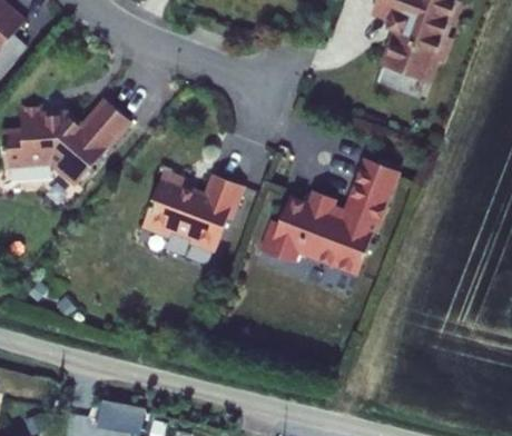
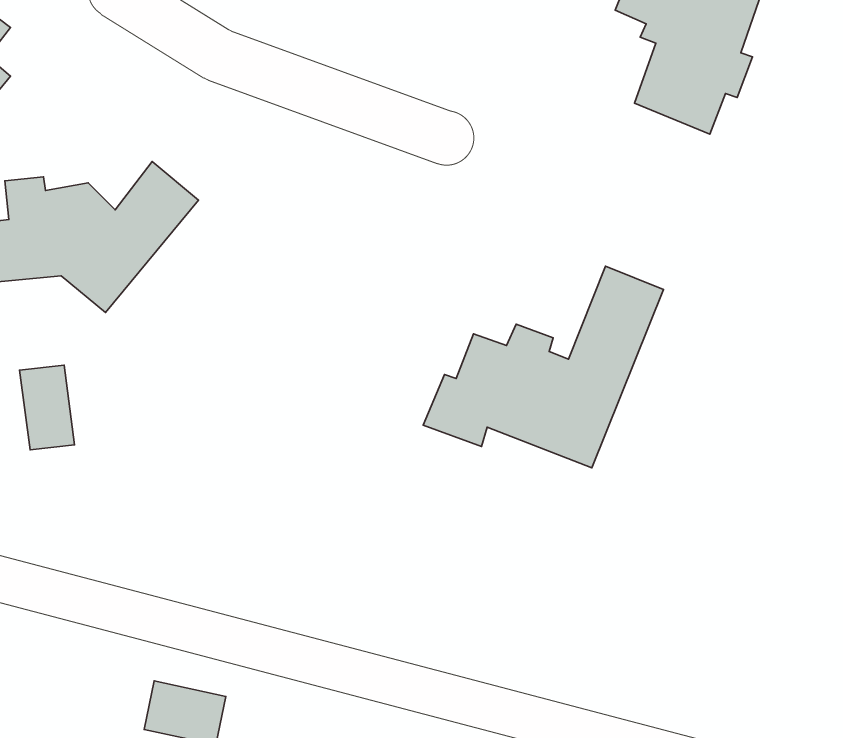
building: [139,169,240,248] -> none
building: none -> [20,365,75,450]

